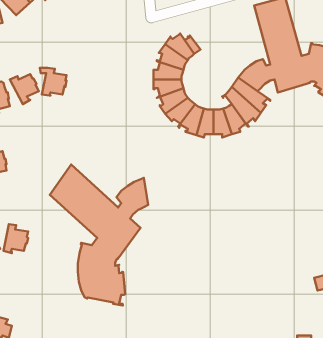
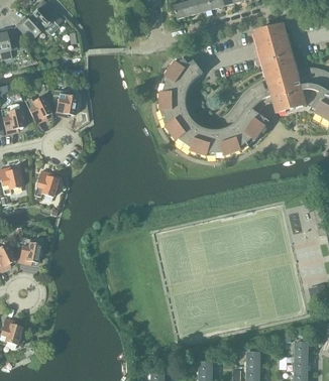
building: none -> [33,170,59,197]
building: [50,165,148,305] -> none

